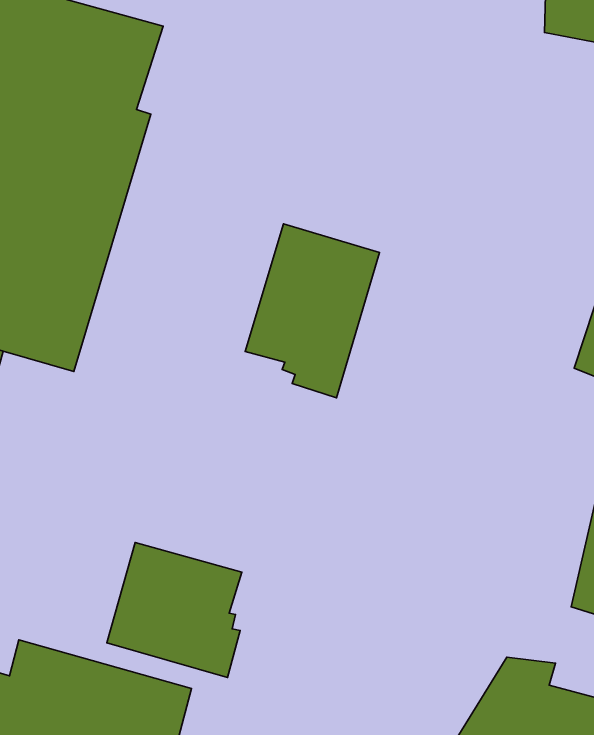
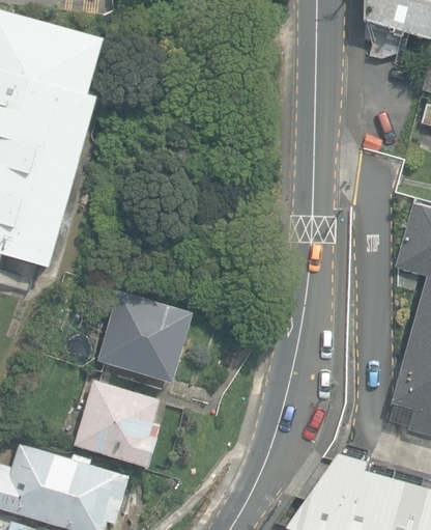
building: [245,224,379,398] -> none
building: none -> [96,286,199,381]

